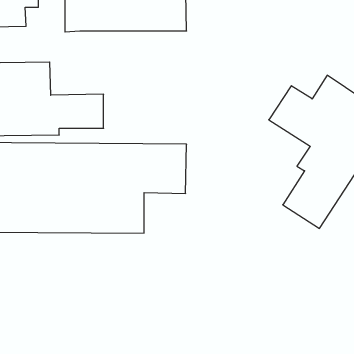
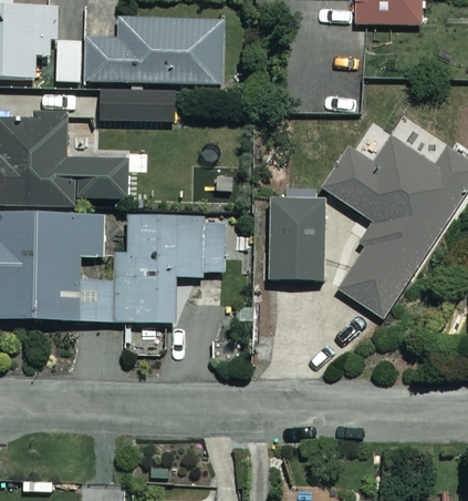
building: none -> [101,83,175,129]
building: none -> [269,201,326,280]

